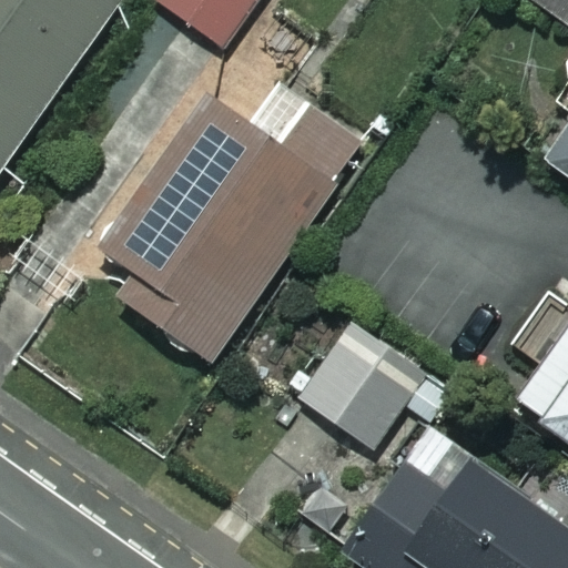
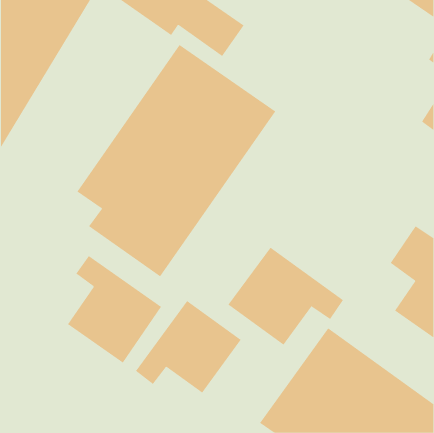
building: none -> [67,255,162,363]
building: none -> [135,300,242,394]

